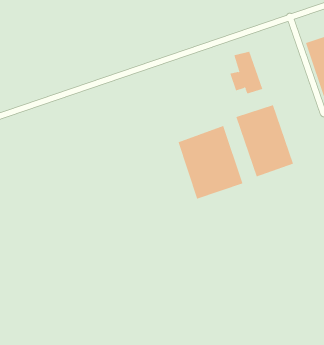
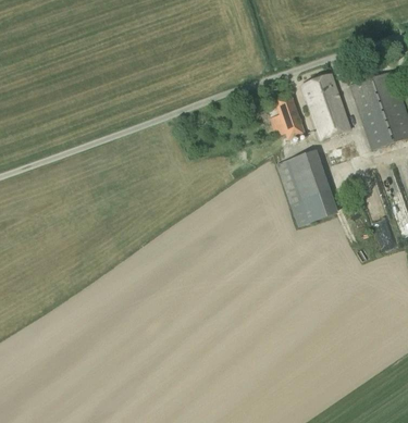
building: none -> [300,74,350,140]
building: [178,125,243,200] -> none

